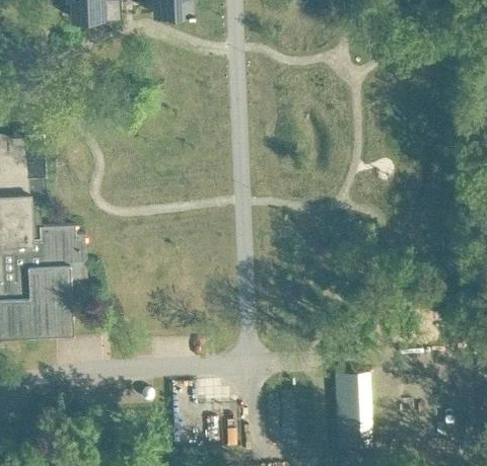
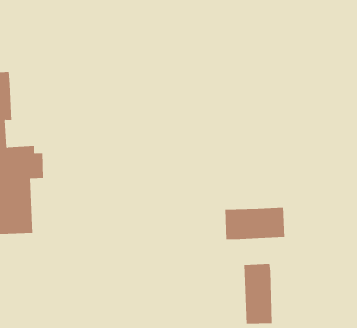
building: none -> [225,207,285,240]

